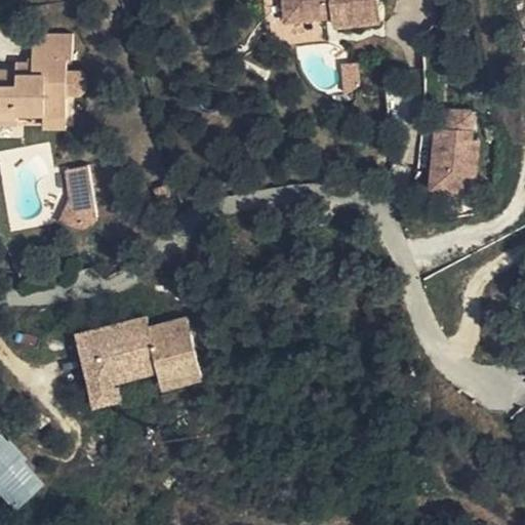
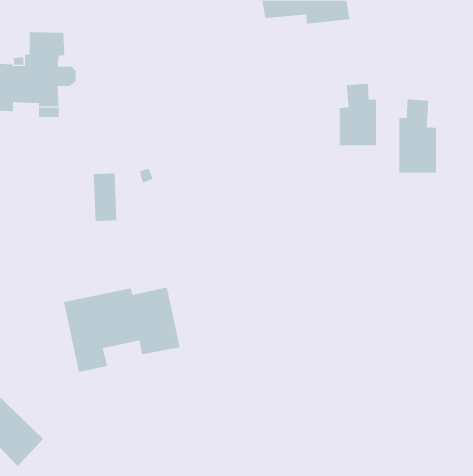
building: none -> [339,83,376,146]
building: [64,167,90,220] -> [93,173,117,221]

